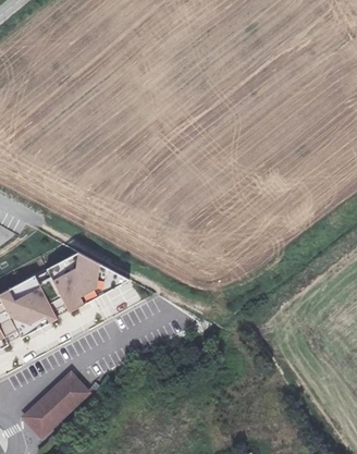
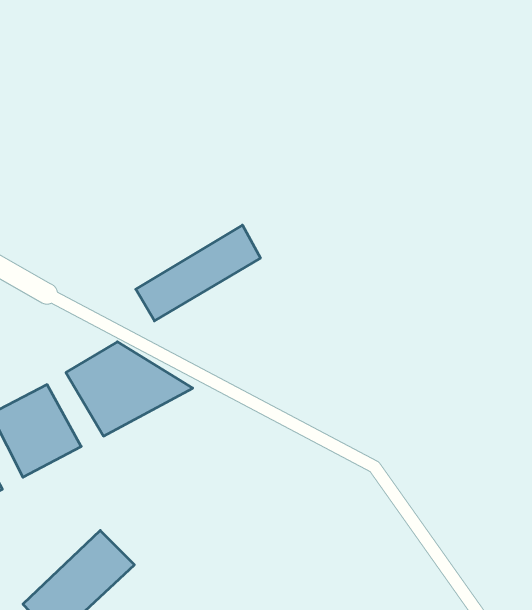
building: none -> [136,225,260,321]

